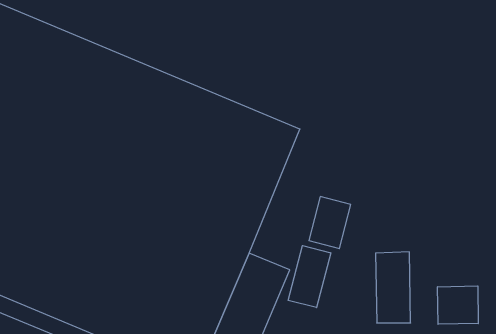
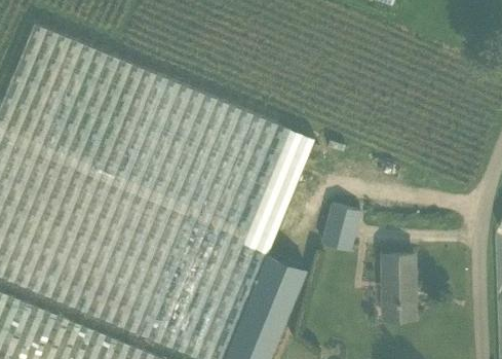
building: [288,246,331,308] -> none
building: [438,286,478,324] -> none

